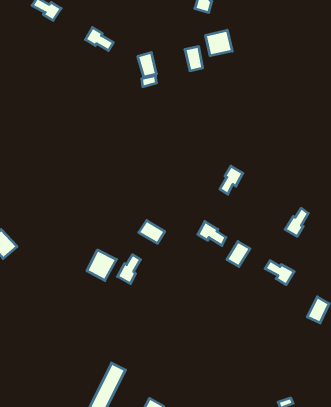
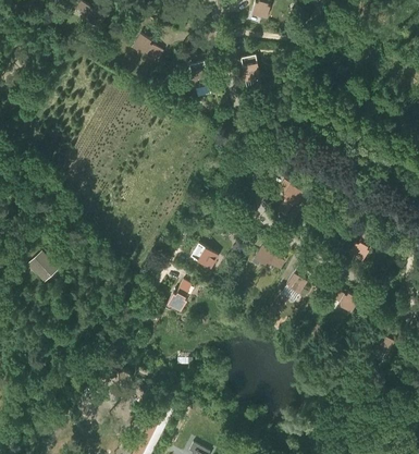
building: [206,30,232,56] -> none
building: [87,250,117,281] -> none

